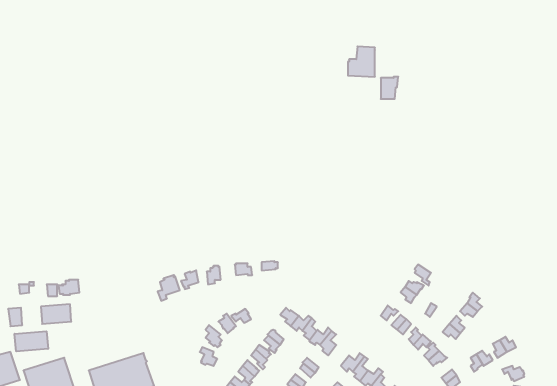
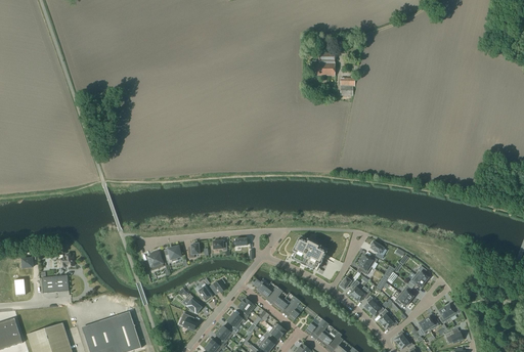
building: none -> [289,234,326,270]
building: [15,331,48,351] -> none

